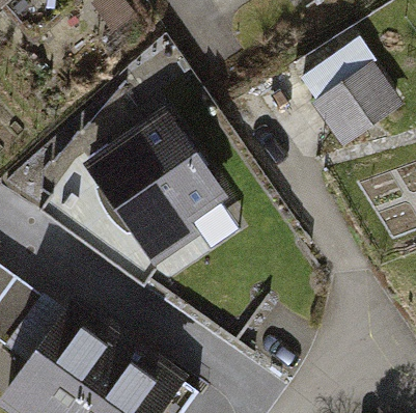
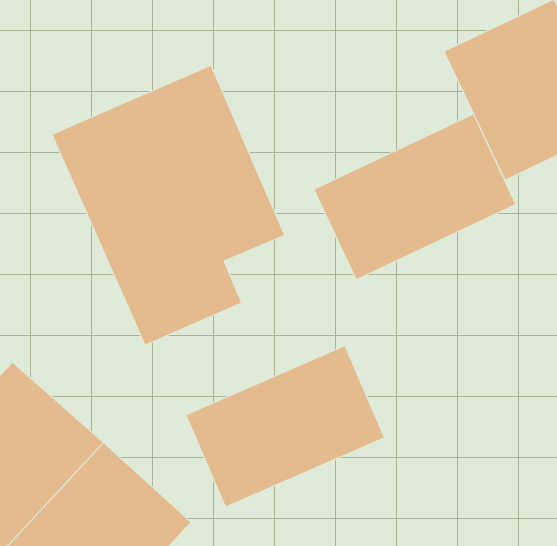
building: none -> [314,114,516,280]
building: none -> [186,346,385,507]

